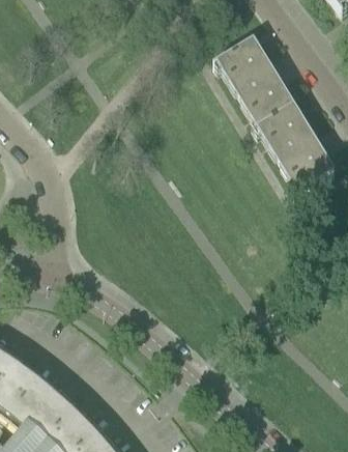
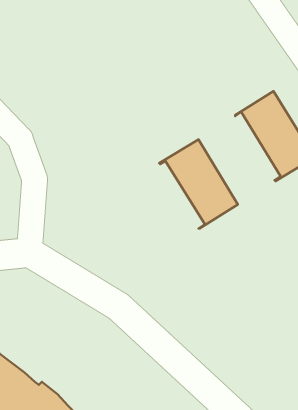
building: [215,43,294,132] -> [159,139,238,228]

